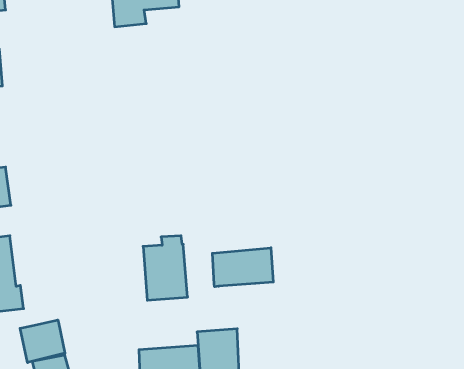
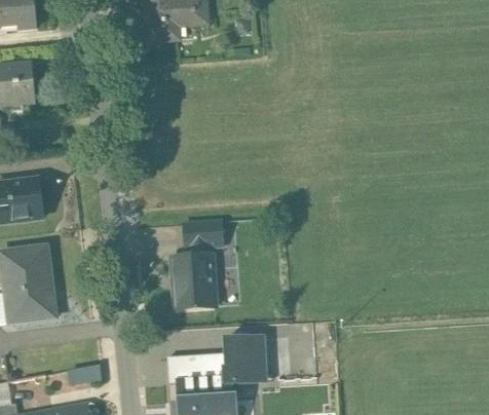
building: none -> [186,220,224,247]
building: [212,248,273,287] -> none
building: [20,320,65,363] -> none

